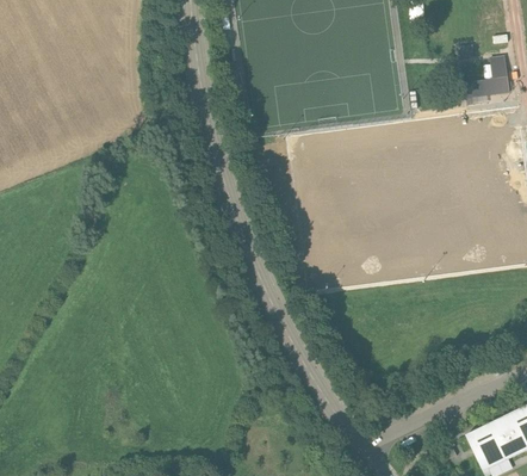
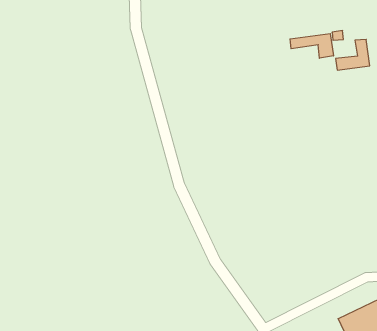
building: none -> [290,34,333,58]

